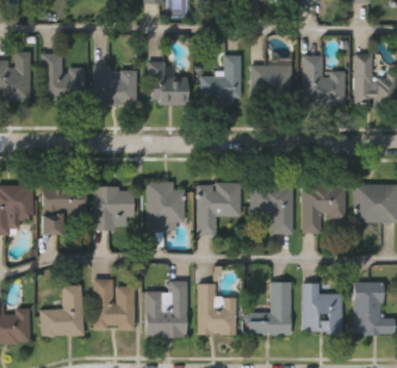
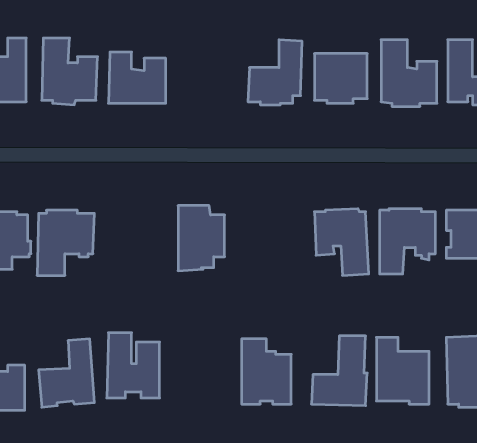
building: [149,60,188,105] -> none
building: [199,183,242,234] -> none
building: [93,188,134,229] -> none
building: [143,281,186,338] -> none

